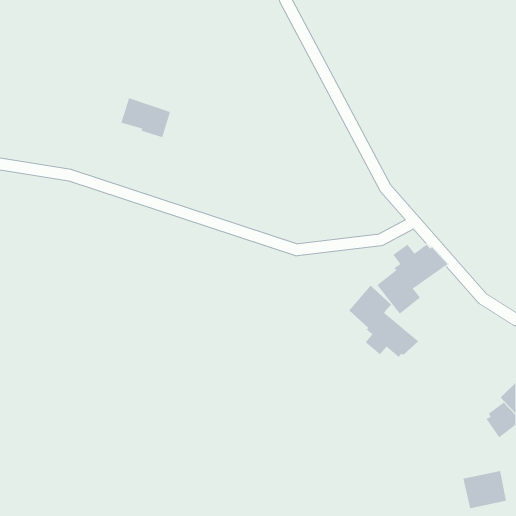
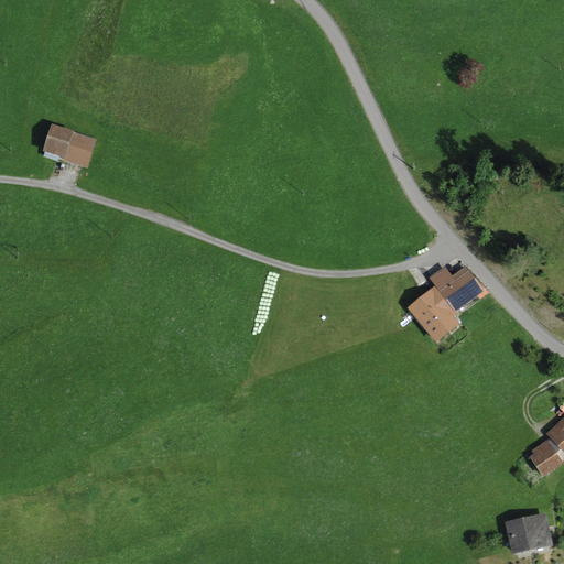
building: [120,98,171,138] -> [42,123,97,167]
building: [348,285,419,358] -> none

